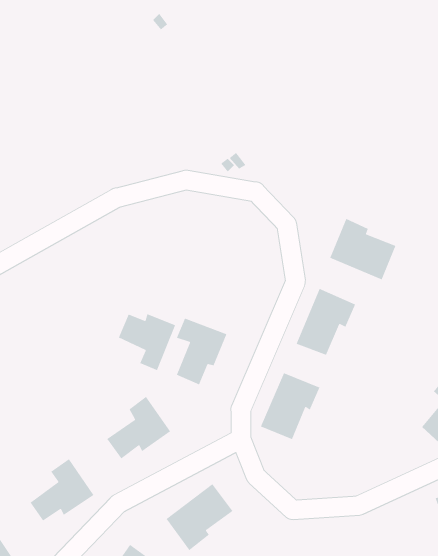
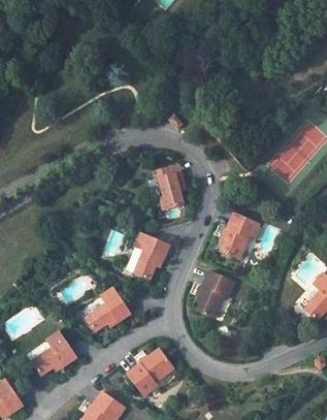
building: [329,218,396,280] -> none
building: none -> [156,163,186,209]
building: [118,313,176,371] -> none

